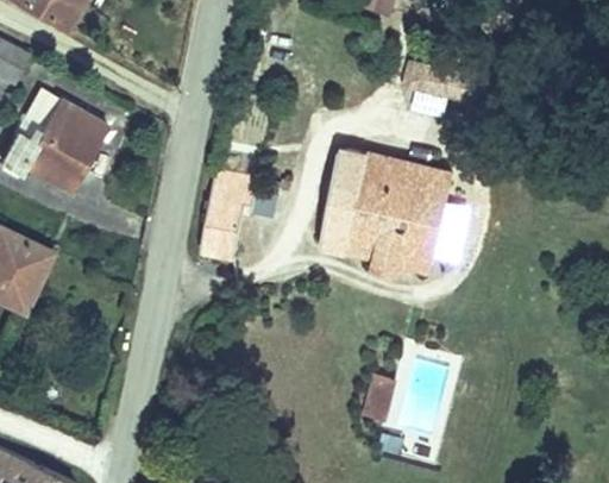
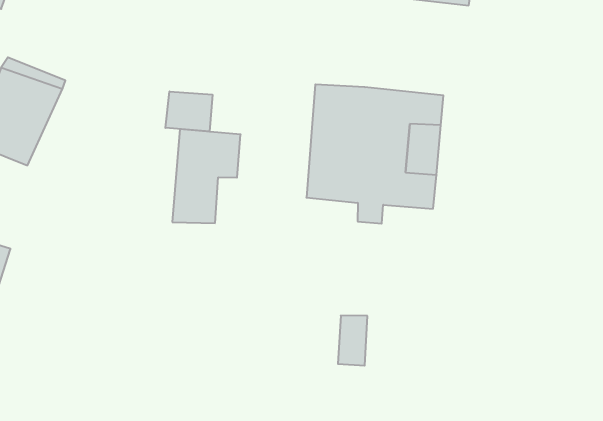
building: none -> [165,91,212,132]
building: [364,374,396,421] -> [338,316,367,366]

